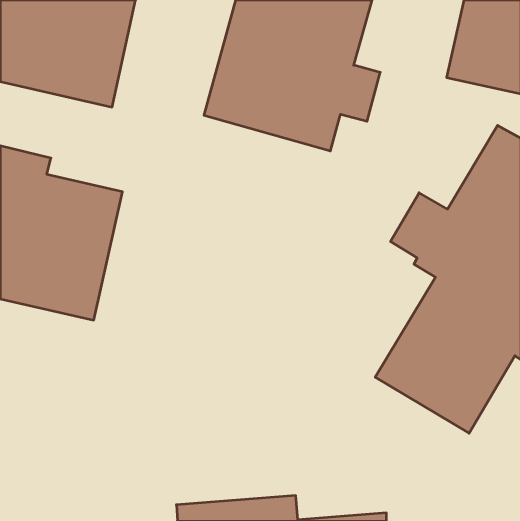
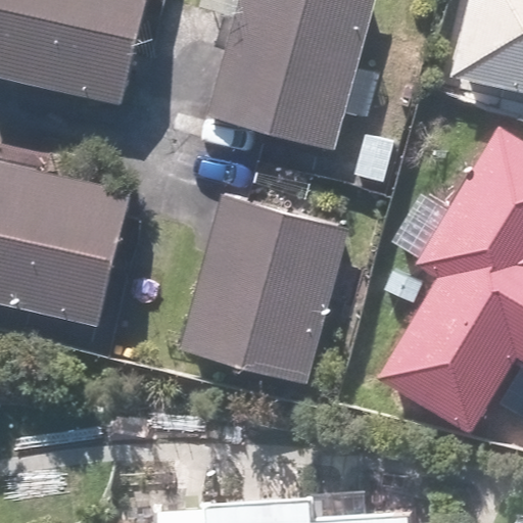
building: none -> [181,197,345,382]

